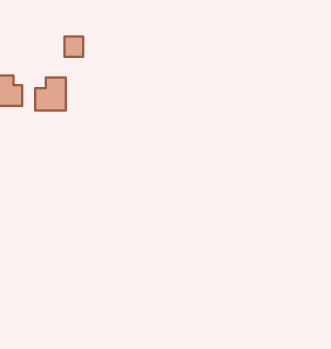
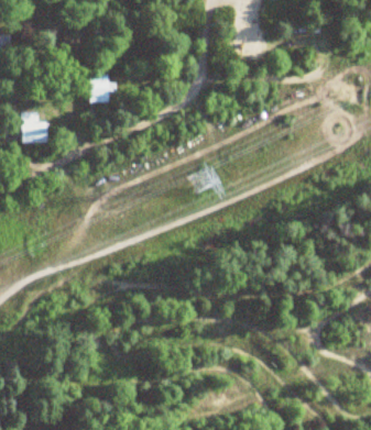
building: [35,78,66,111] -> none

